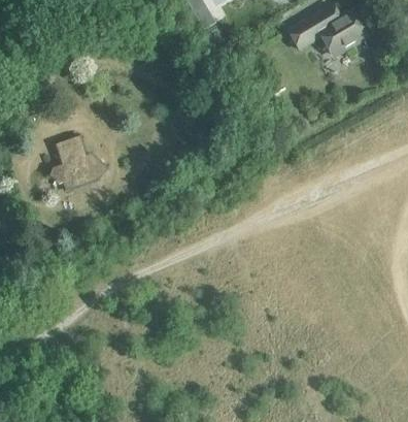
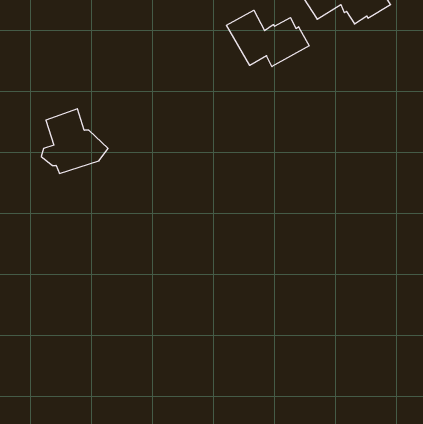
building: none -> [226,10,309,67]

